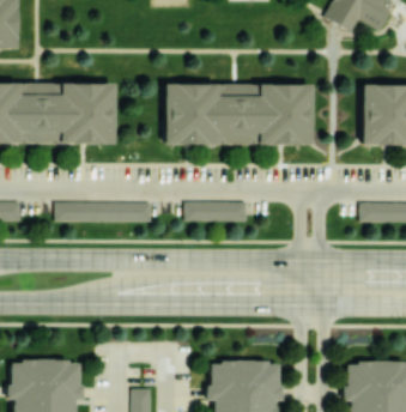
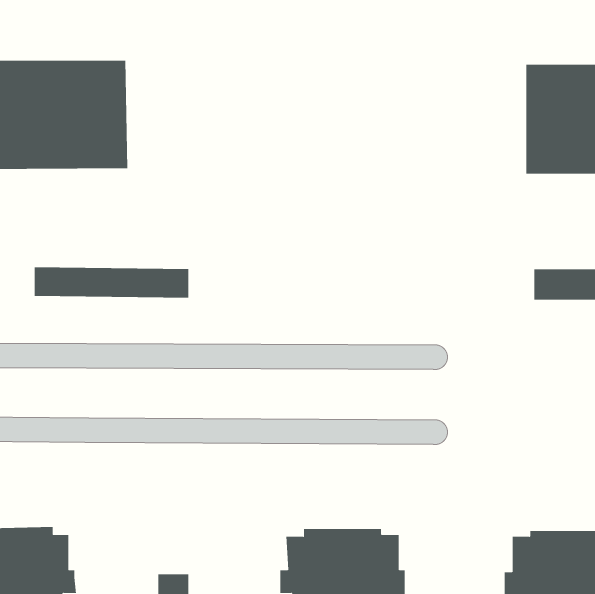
building: [157,80,313,144] -> none
building: [186,204,248,222] -> none

